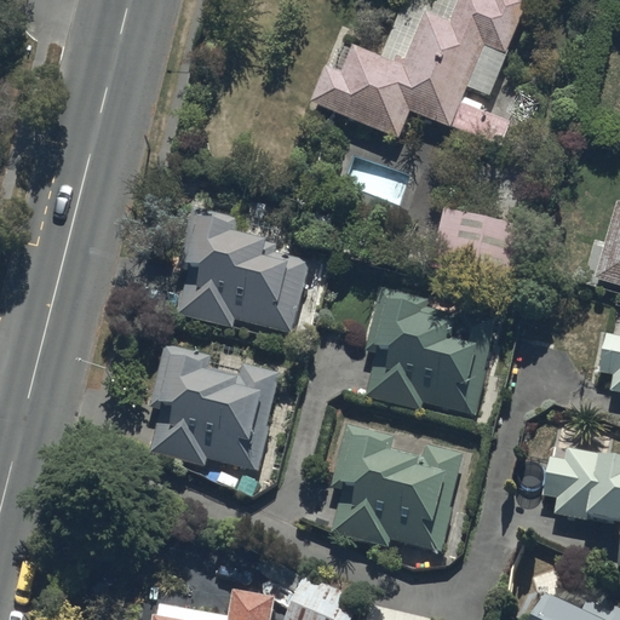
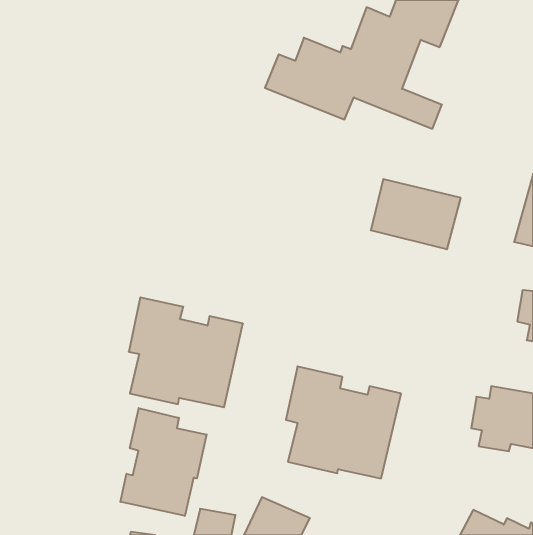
building: [177,206,311,335] -> none
building: [363,289,500,417] -> none
building: none -> [120,408,207,516]

